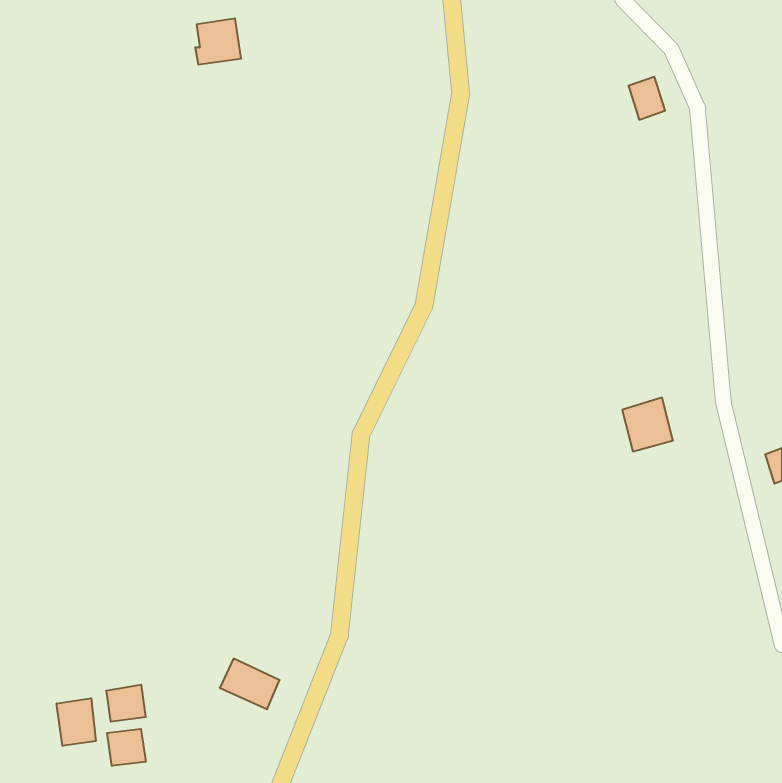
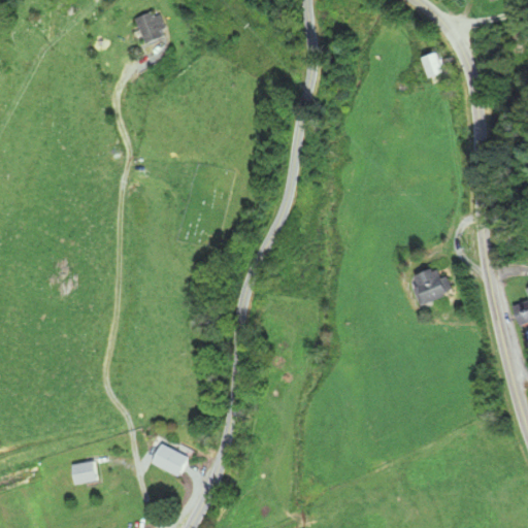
building: [57,698,96,746] -> none
building: [107,729,146,766] -> none

